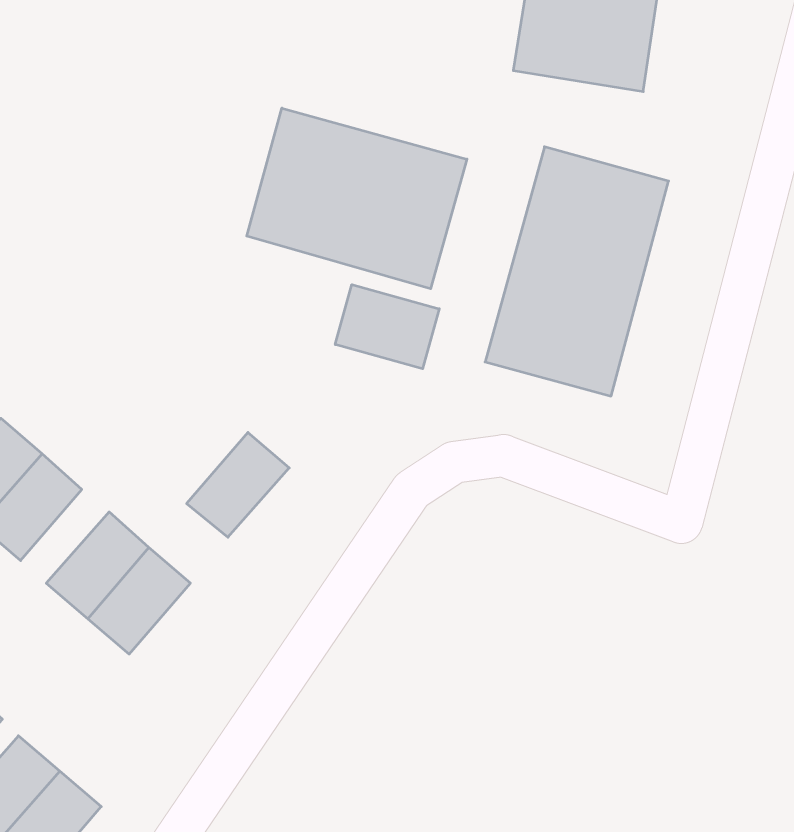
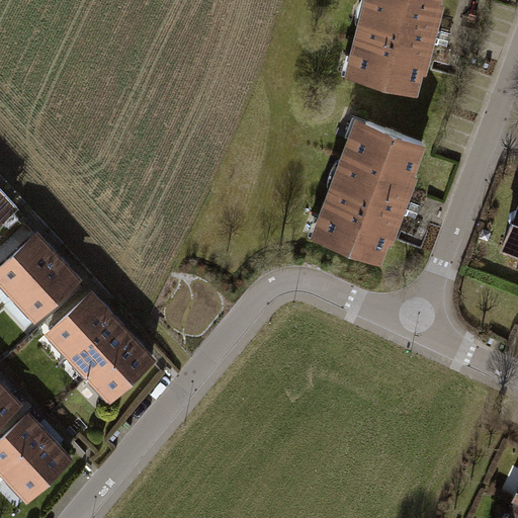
building: [247,108,467,289] -> none
building: [335,285,439,369] -> none
building: [187,432,289,537] -> [95,343,155,401]

